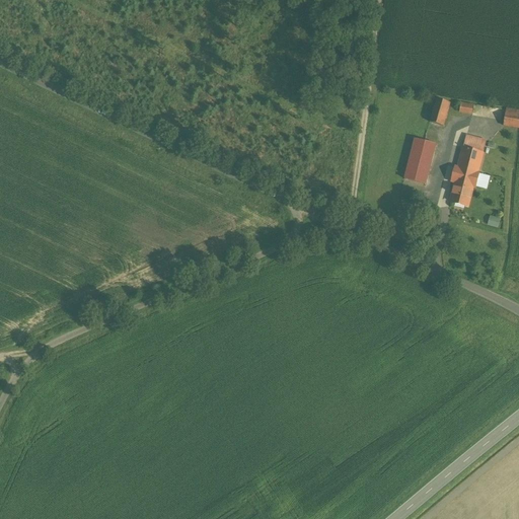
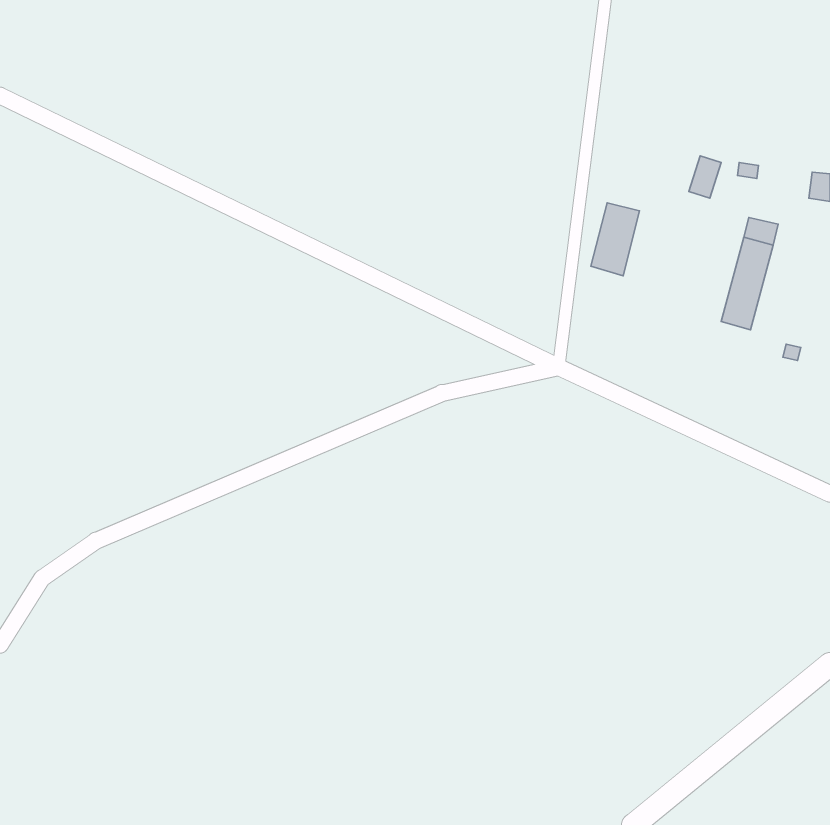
building: [404,137,435,182] -> [591,203,640,276]

